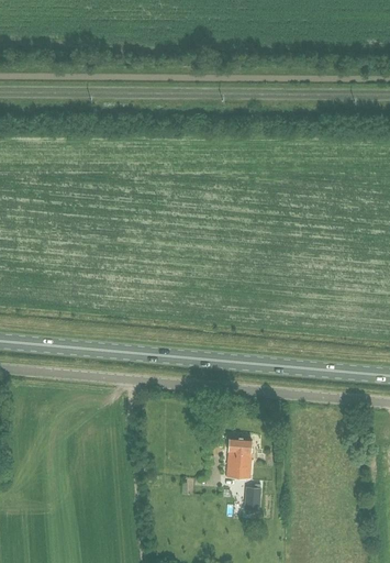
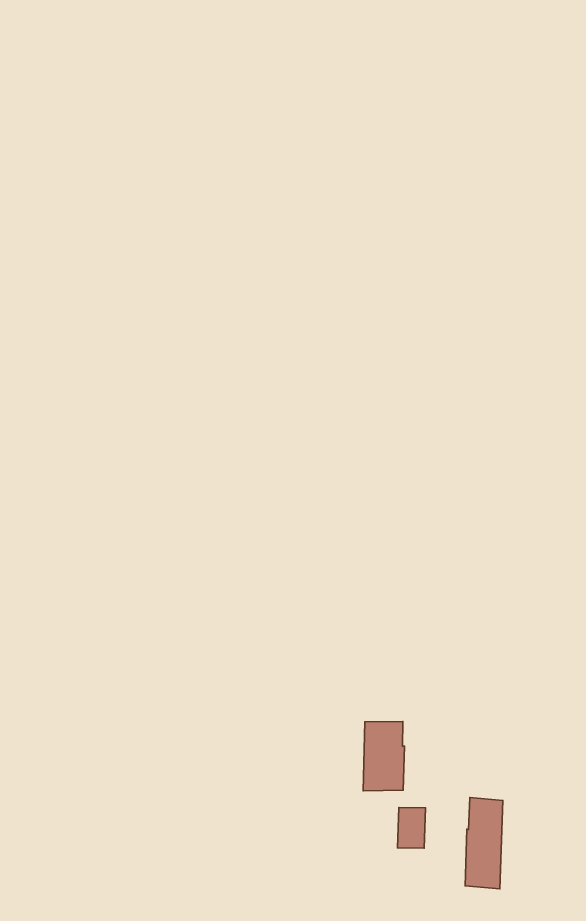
building: none -> [465,798,503,889]

